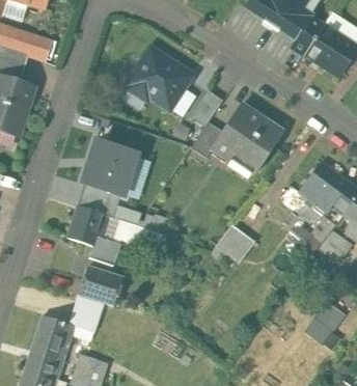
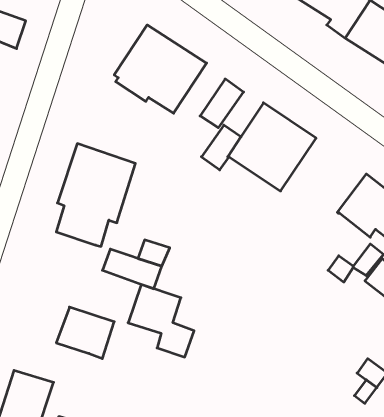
building: [66,208,118,265] -> [128,285,194,357]
building: [215,225,254,264] -> none
building: [71,295,103,325] -> none

